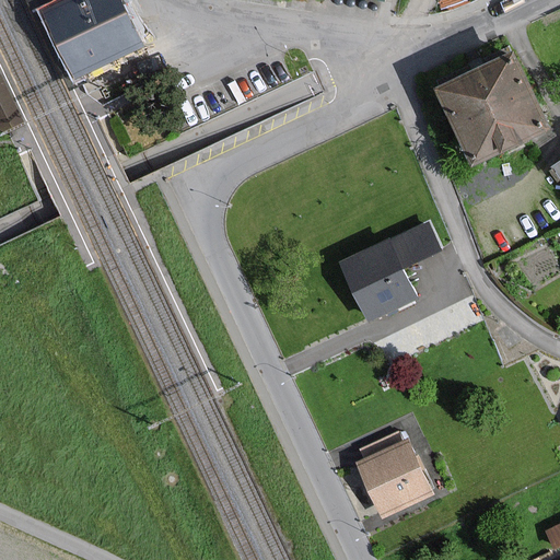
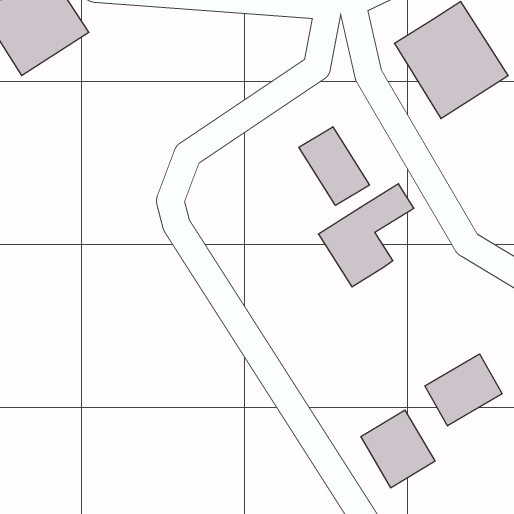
building: none -> [299,127,369,205]
building: none -> [425,354,502,426]

